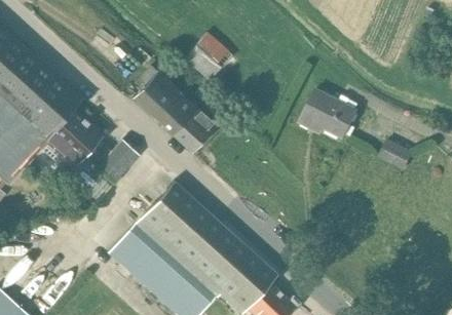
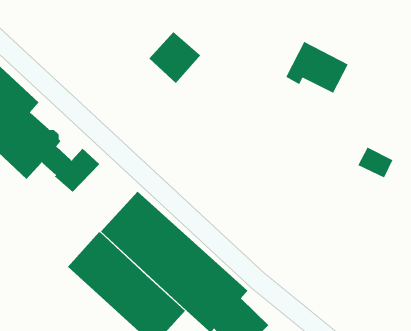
building: [133,67,216,152] -> none
building: [298,88,357,137] -> [285,41,349,94]

